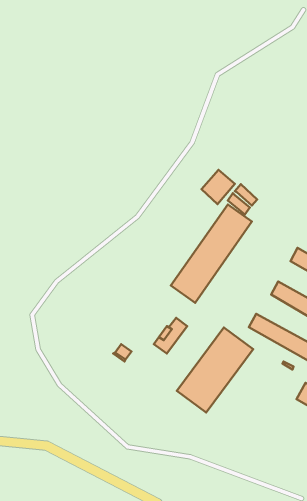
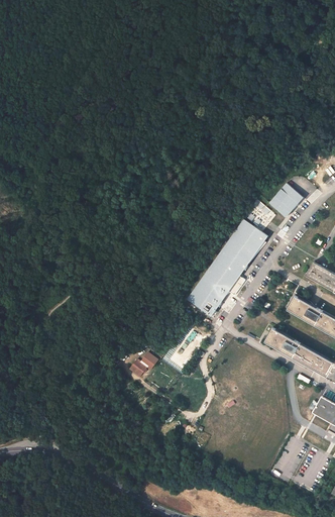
building: [201,170,235,204] -> [269,183,303,217]
building: [177,328,253,412] -> none

